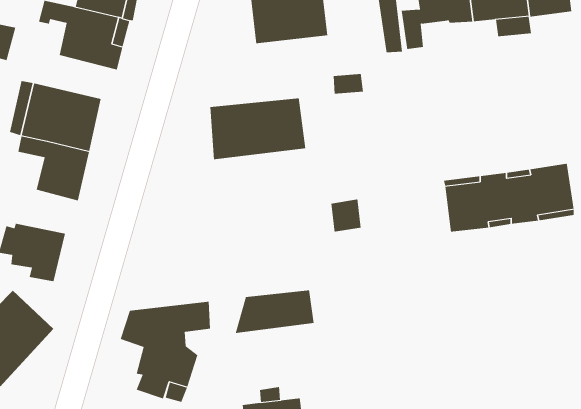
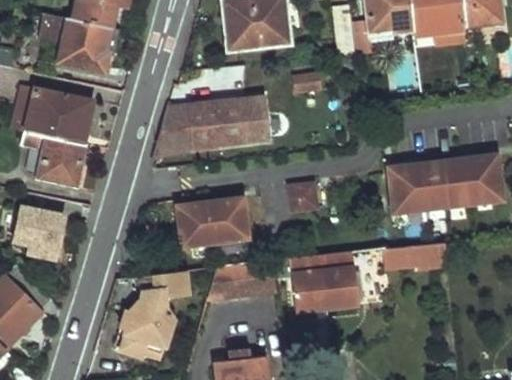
building: none -> [152,104,190,155]
building: none -> [179,201,250,249]
building: none -> [384,242,449,269]
building: none -> [290,253,360,311]

